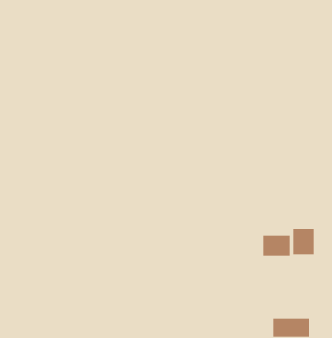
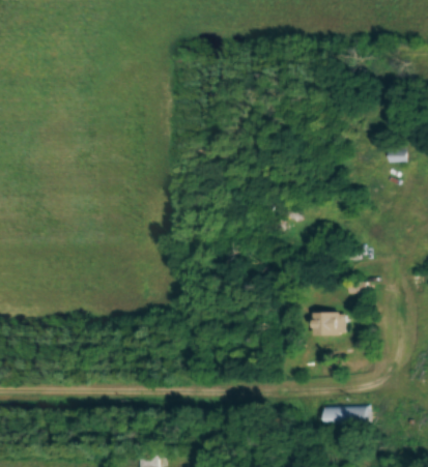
building: [293,228,314,255] -> none

